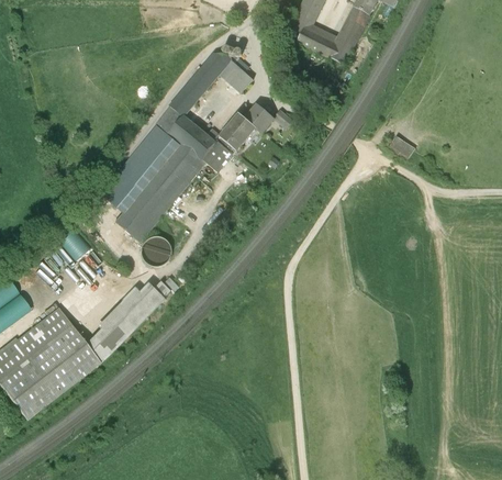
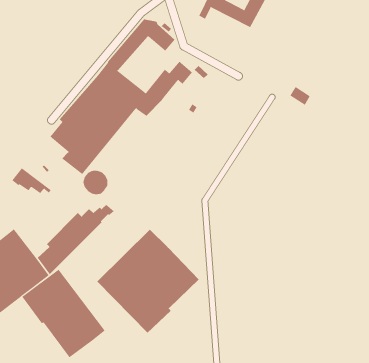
building: none -> [97,229,200,333]
building: none -> [21,269,105,358]

